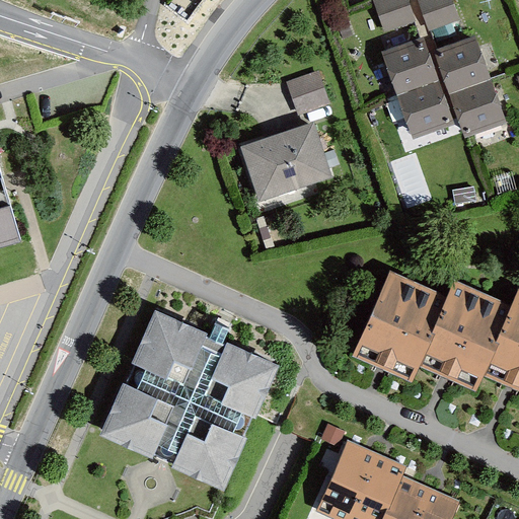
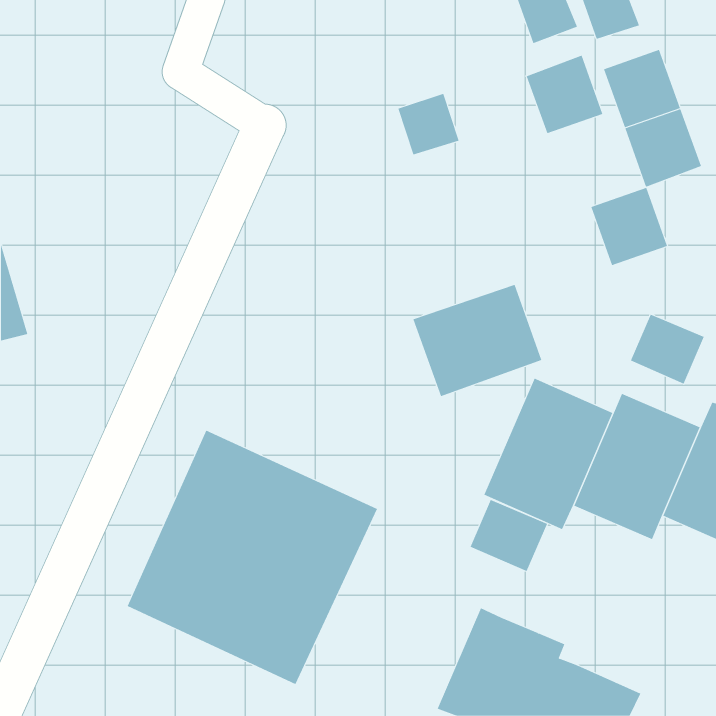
building: [396,82,452,139] -> [590,187,668,266]
building: [239,122,332,203] -> [412,284,542,397]
building: none -> [630,314,704,384]
building: none -> [470,499,548,572]

